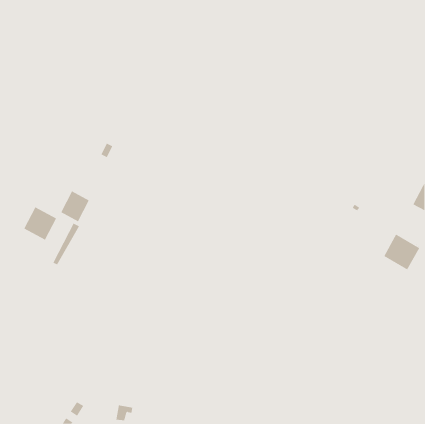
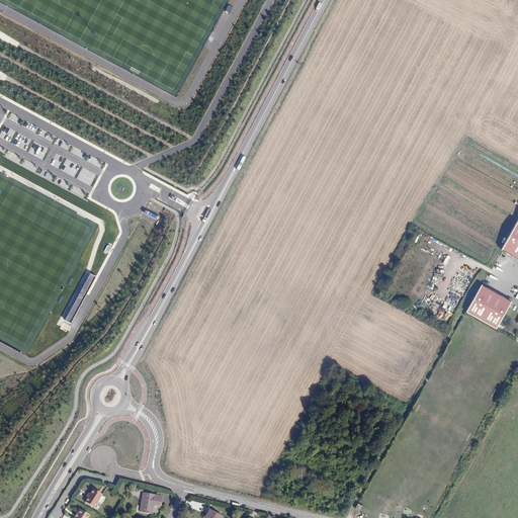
building: [61,191,89,222] -> none
building: [24,206,57,241] -> none

